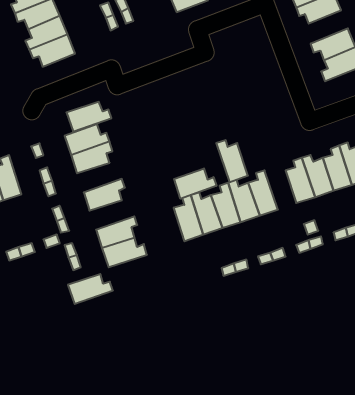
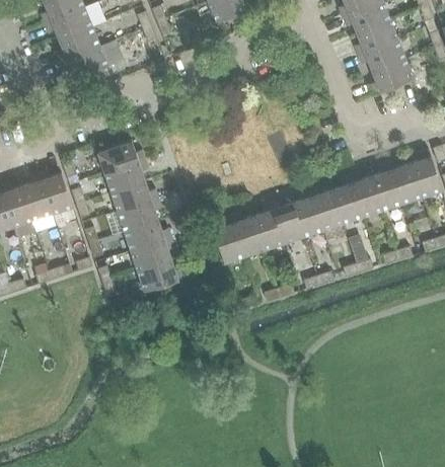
building: none -> [354,20,397,56]
building: [66,102,111,132] -> [110,181,158,213]
building: [216,140,248,182] -> [309,186,343,231]
building: none -> [39,170,73,215]
building: [174,168,216,199] -> none
building: [68,274,113,304] -> [124,221,171,252]

